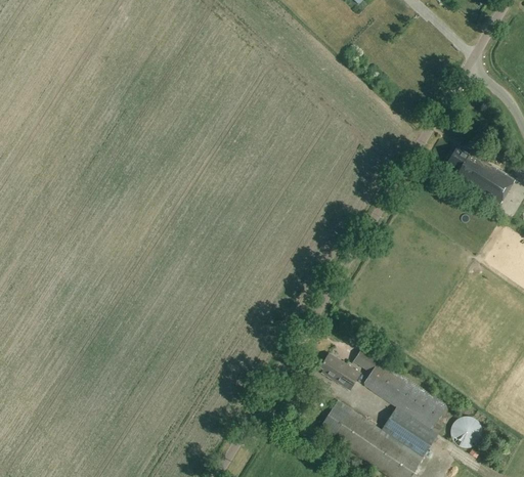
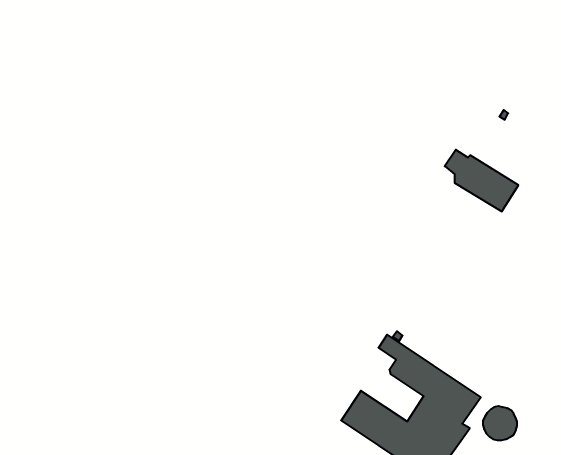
building: [446,147,515,205] -> [445,150,518,211]
building: [319,353,358,390] -> none

